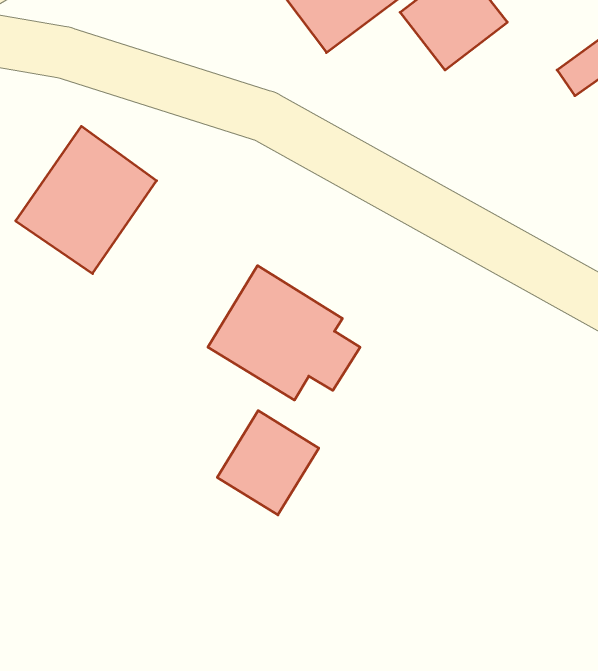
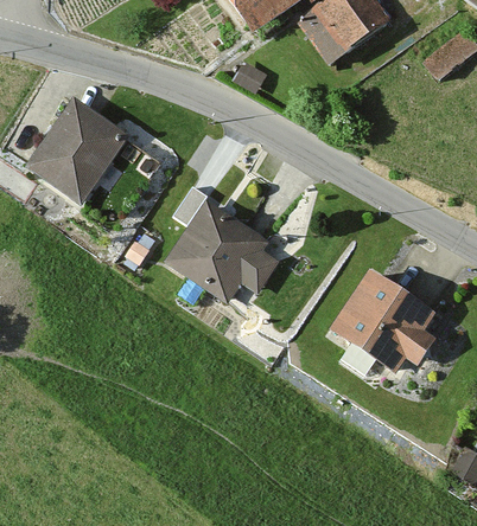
building: none -> [329,267,437,371]
building: [217,411,319,515] -> none

